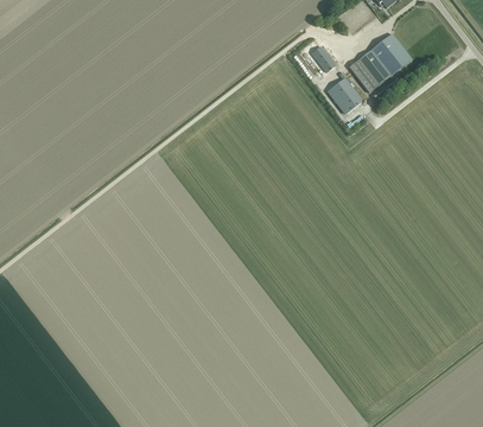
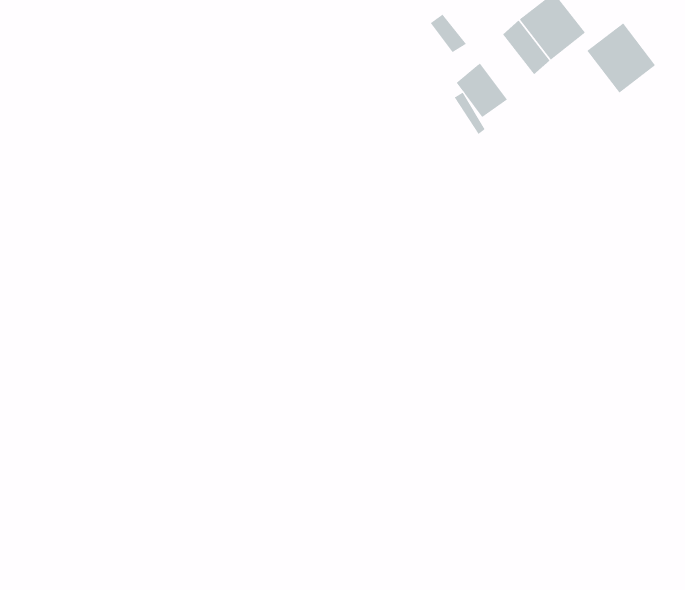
building: none -> [587,22,656,94]

